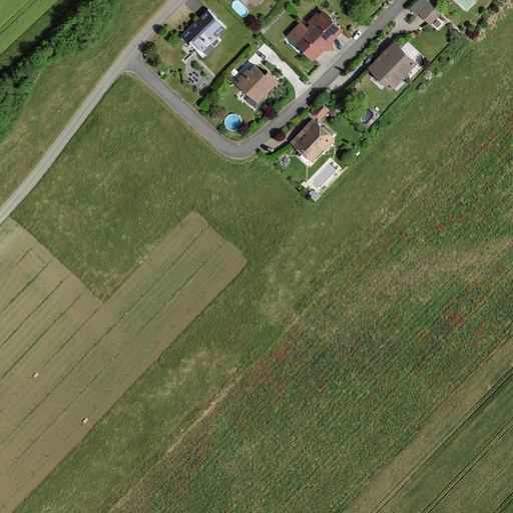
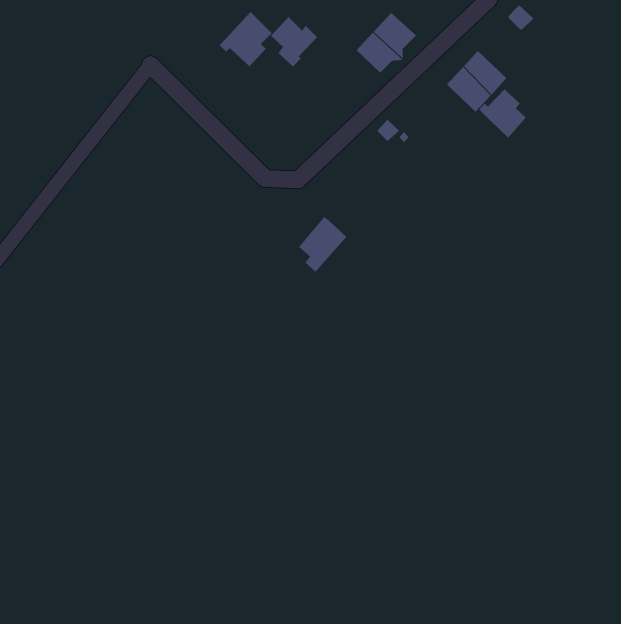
building: [237,64,277,106] -> [270,16,318,68]
building: none -> [478,88,527,138]
building: [293,120,333,166] -> [298,216,347,272]

